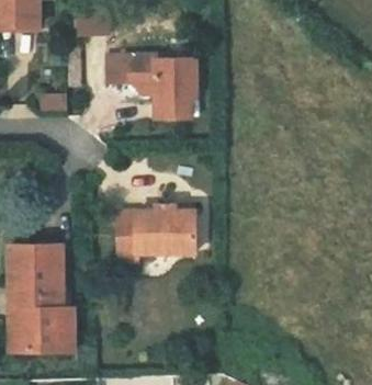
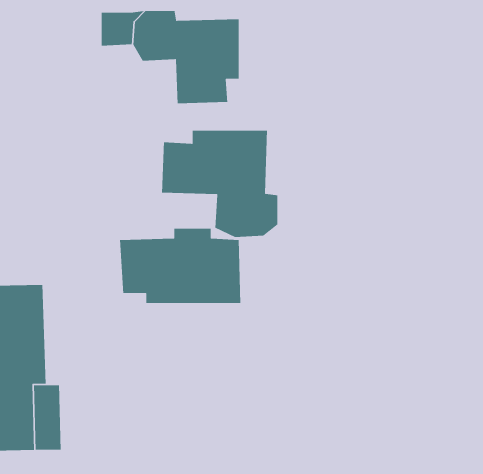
building: none -> [161,130,278,238]

